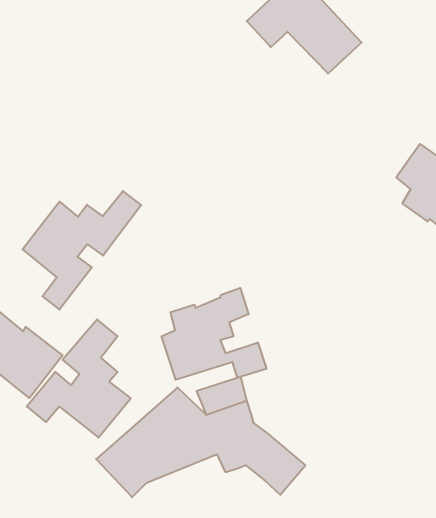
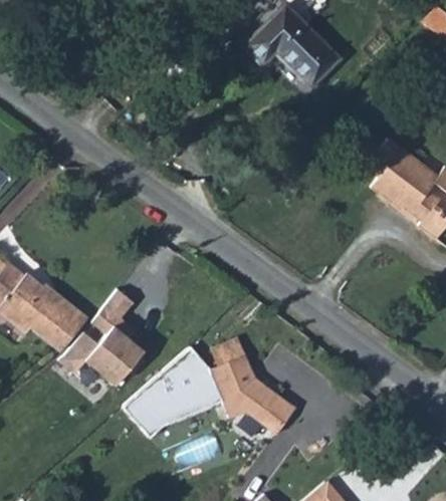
building: [23,191,141,310] -> none
building: [162,288,266,380] -> none

